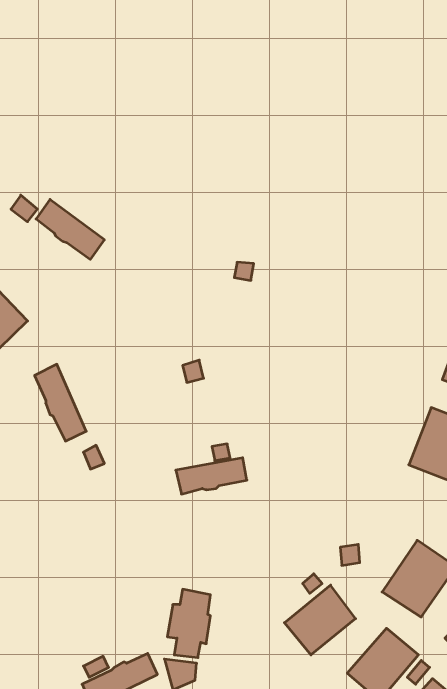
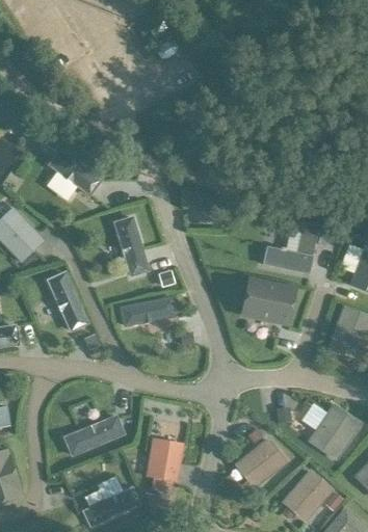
building: none -> [115,217,149,274]
building: none -> [264,221,319,273]
building: none -> [245,282,293,321]
building: [176,458,247,494] -> [122,298,175,325]
building: none -> [65,417,124,454]

